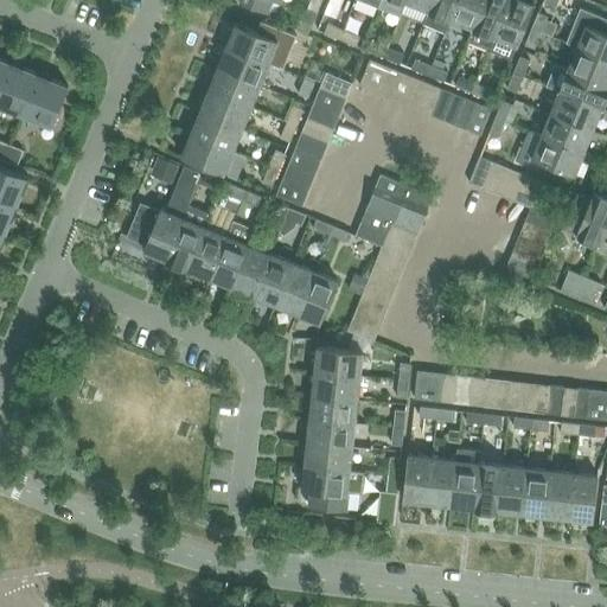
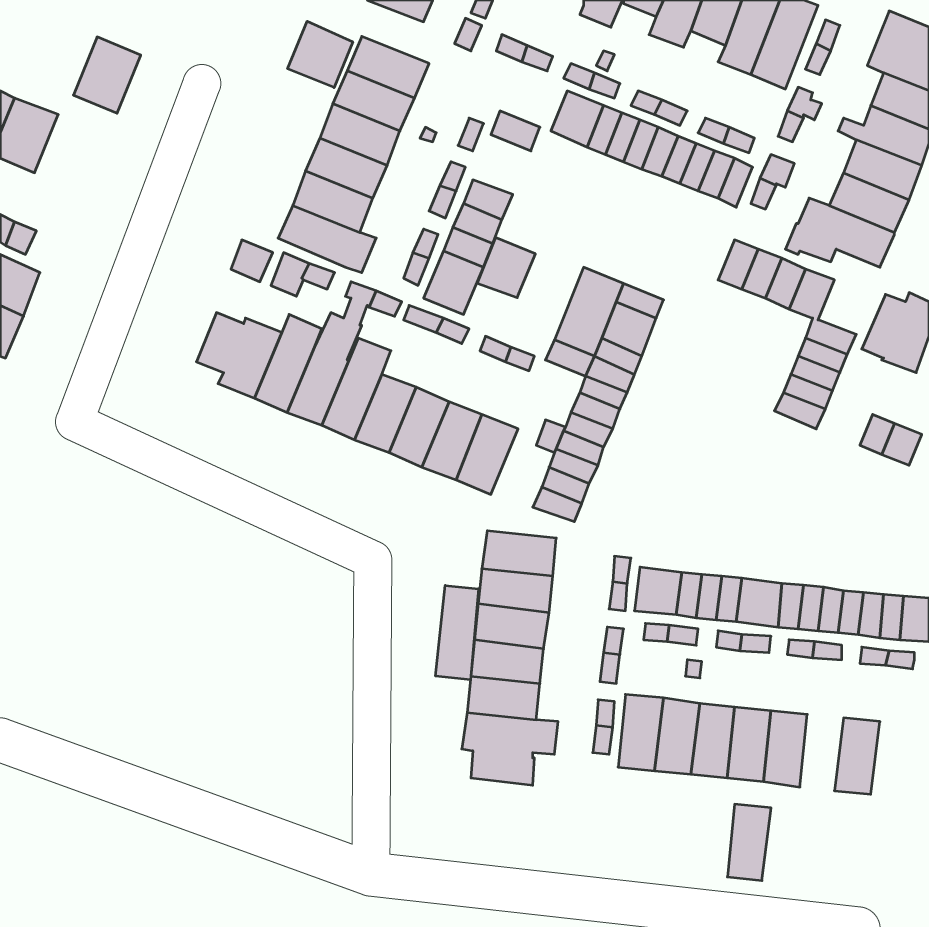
building: none -> [288,21,353,88]
building: [23,76,66,126] -> [73,37,141,113]
building: [308,89,346,128] -> [477,238,535,298]
building: none -> [436,585,478,680]
building: [522,467,550,517] -> [727,804,771,881]
building: [568,472,598,522] -> none

